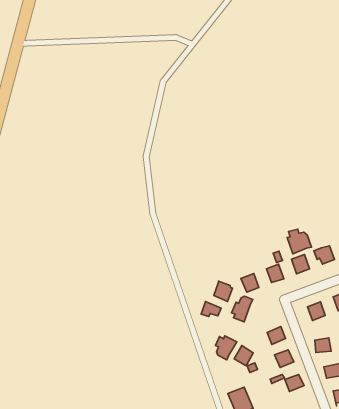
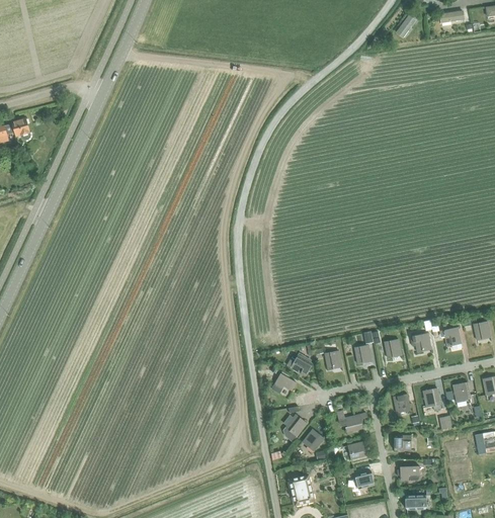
building: [287,229,312,254] -> none
building: [231,296,253,322] -> none

